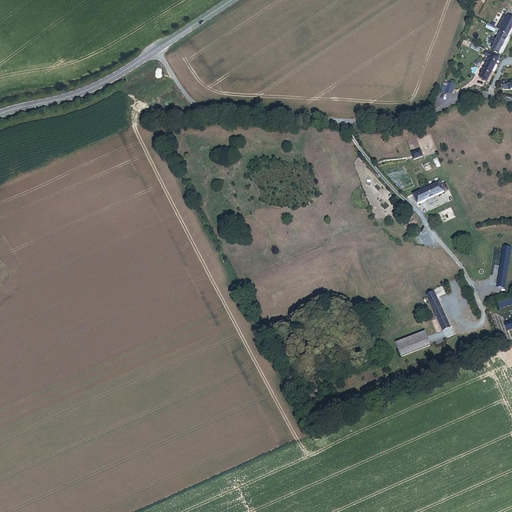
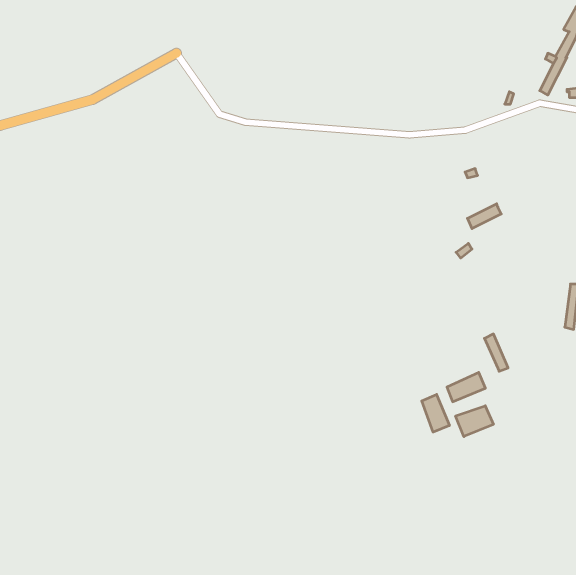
building: none -> [422,394,449,432]
building: none -> [456,406,493,437]

